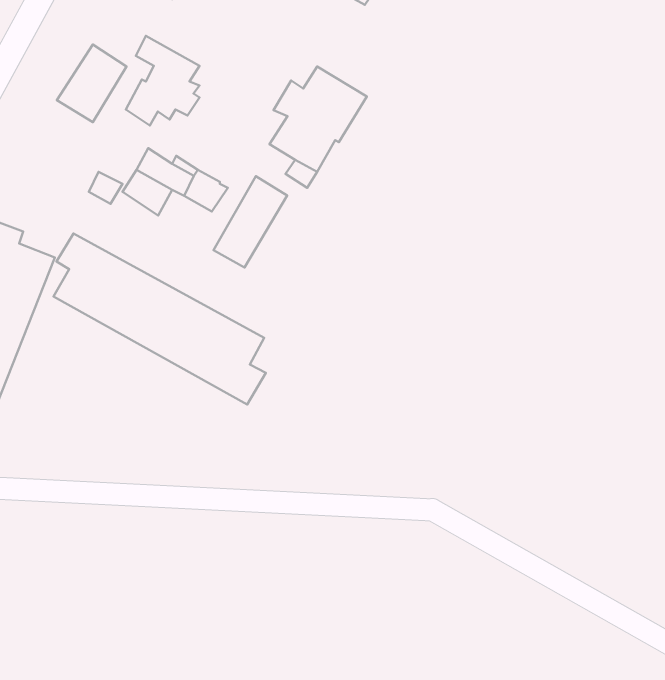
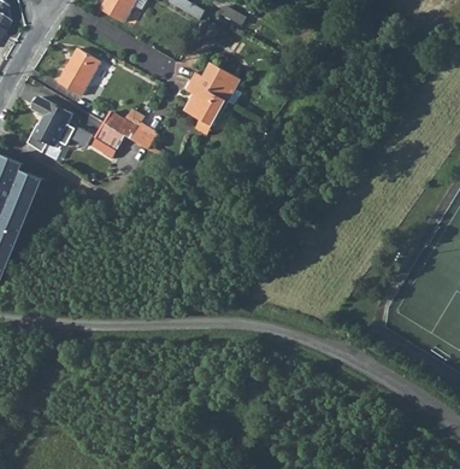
building: [126,36,199,125] -> [25,96,70,151]
building: [214,176,287,268] -> none
building: [53,233,266,404] -> none

